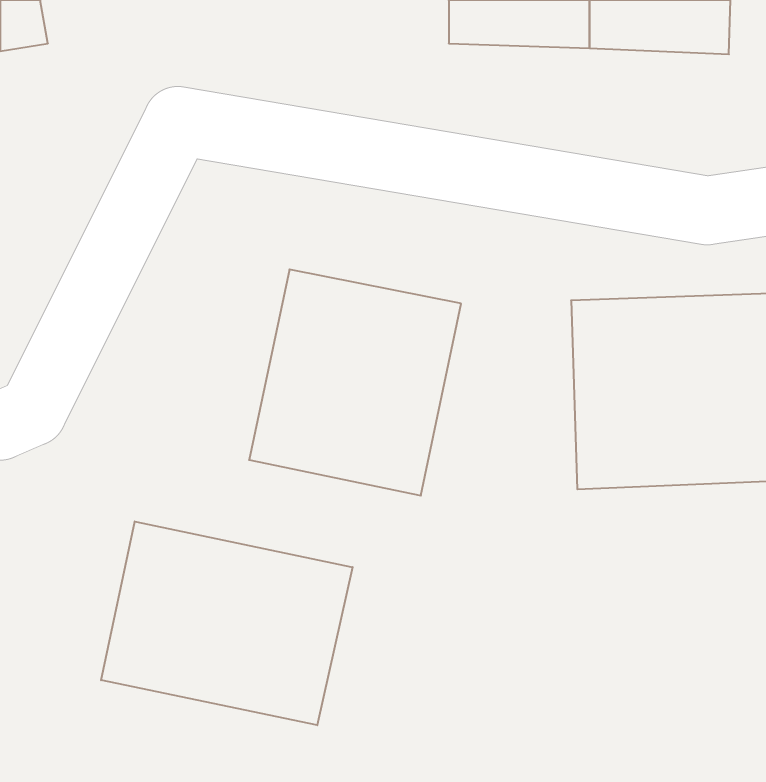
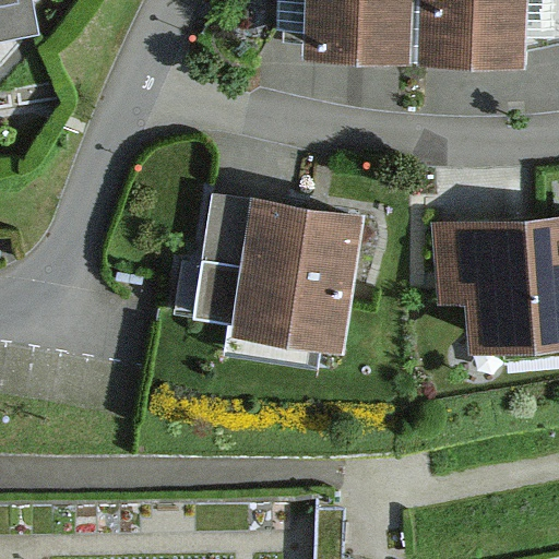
building: [101,521,353,725] -> none

